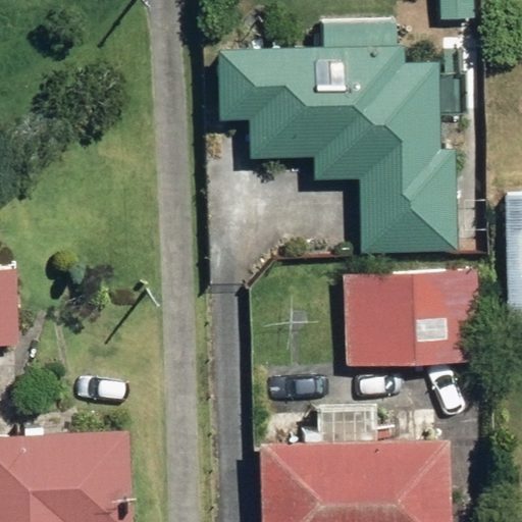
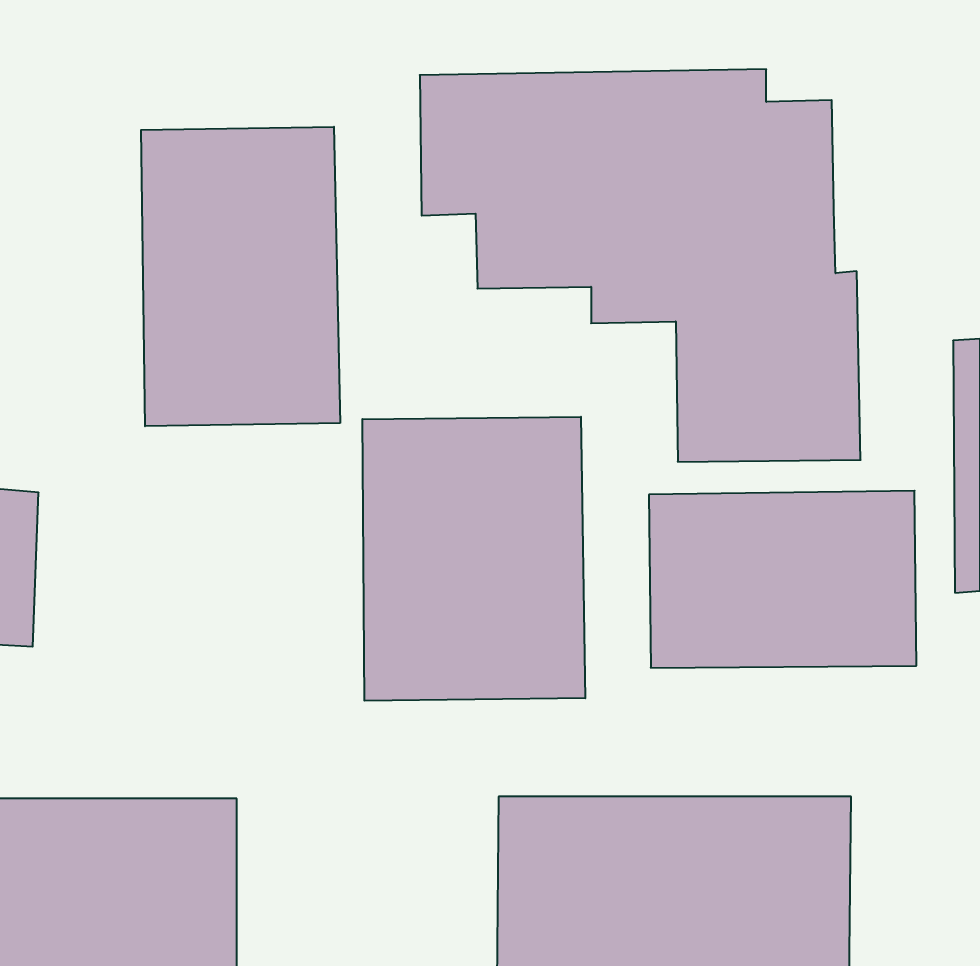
building: none -> [141,127,340,426]
building: none -> [362,417,585,701]

